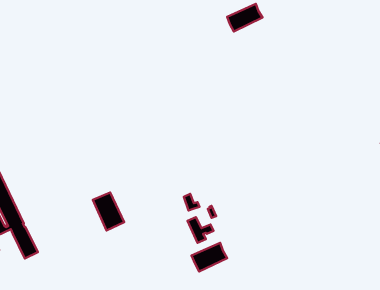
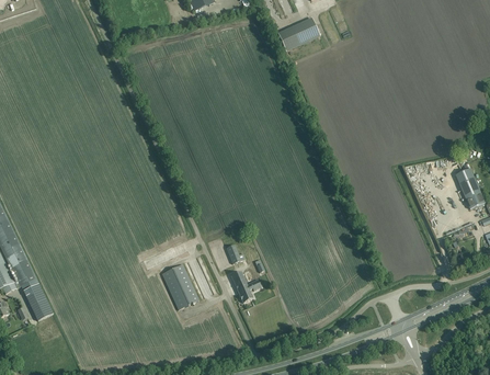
building: [93,193,124,230] -> [161,264,198,309]
building: [191,243,227,272] -> none

